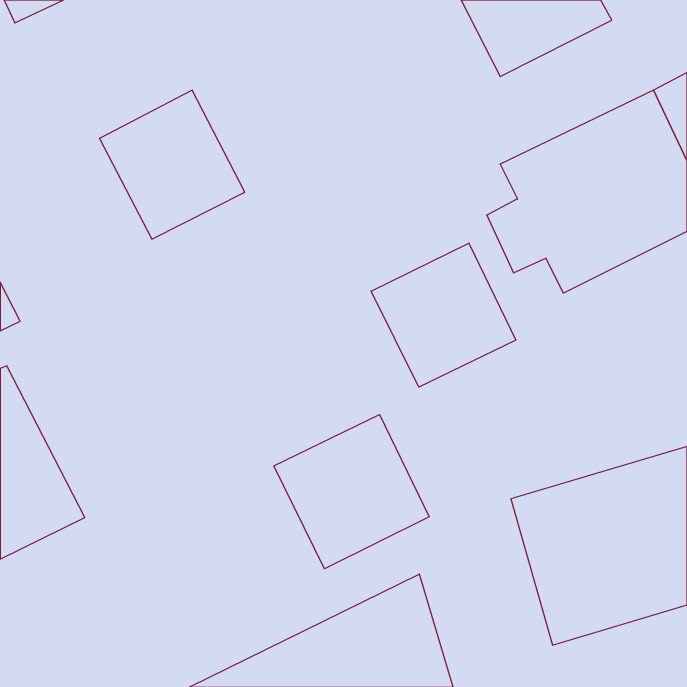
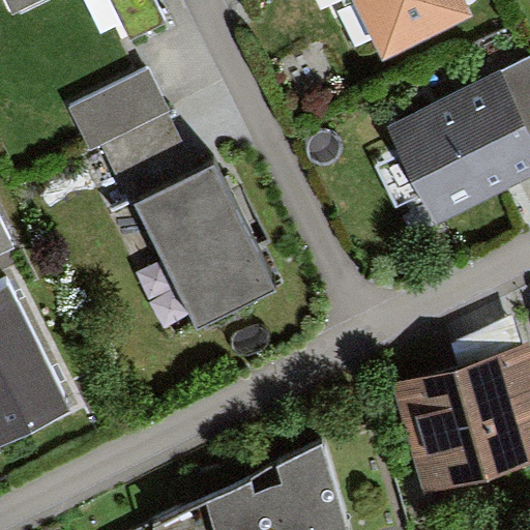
building: none -> [135,165,278,331]
building: [371,243,516,387] -> none
building: [274,415,429,569] -> none

